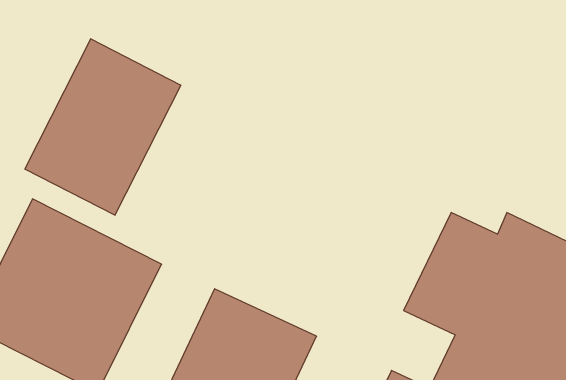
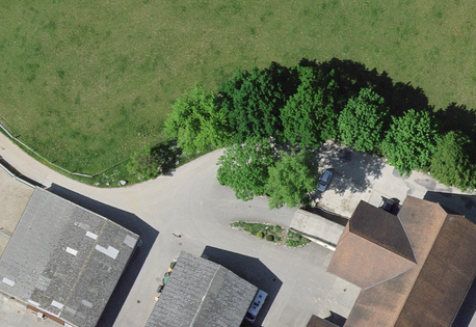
building: [25,39,181,215] -> none

